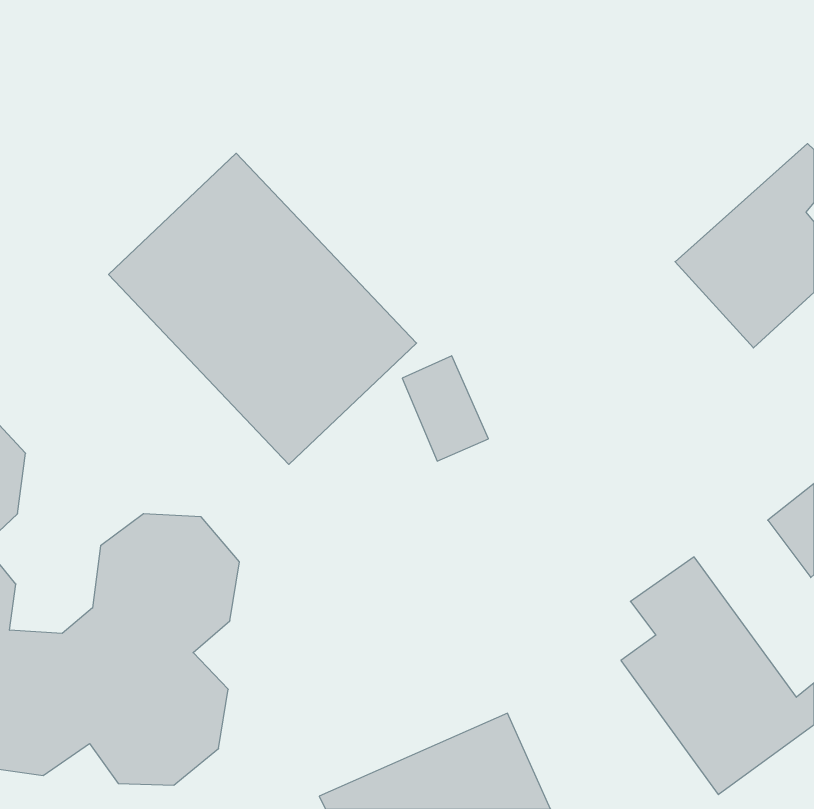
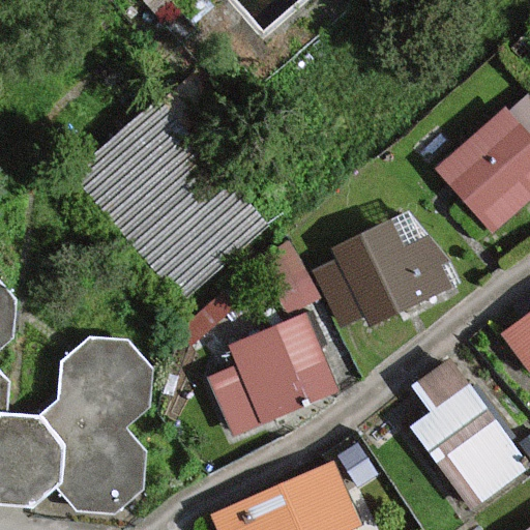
building: none -> [327,223,451,333]
building: none -> [210,319,337,436]

